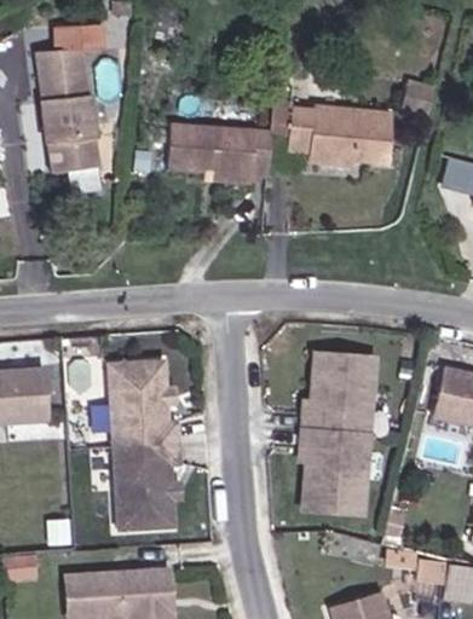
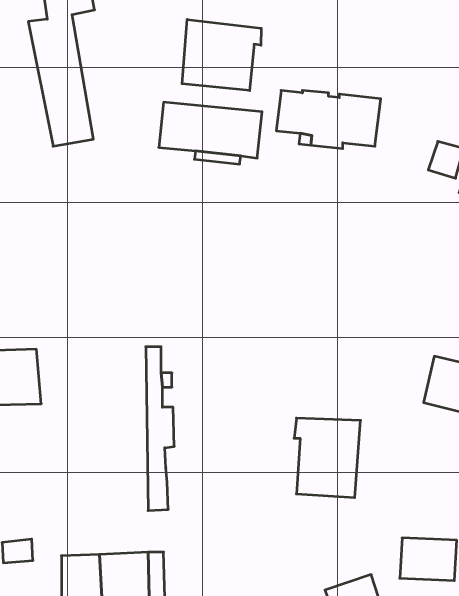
building: none -> [182,19,261,91]
building: [306,358,376,438] -> none
building: [113,363,155,531] -> none

